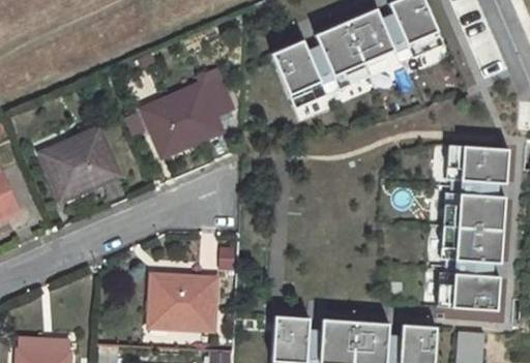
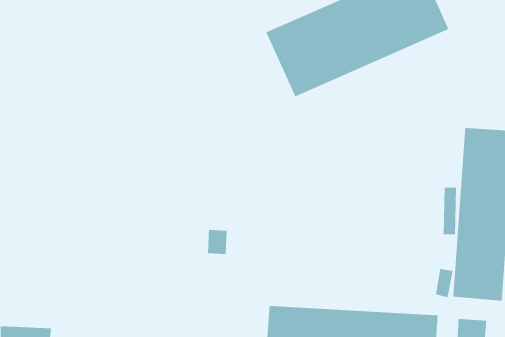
building: [143,77,231,153] -> none
building: [40,127,117,199] -> none
building: [148,275,214,328] -> none

